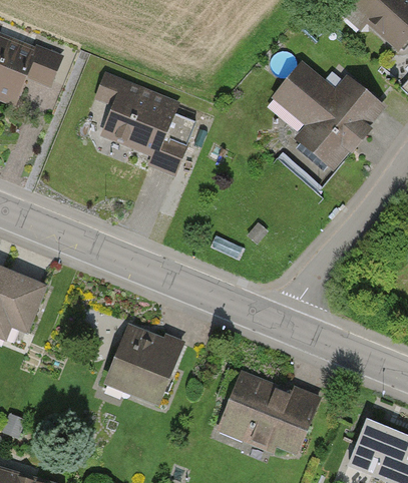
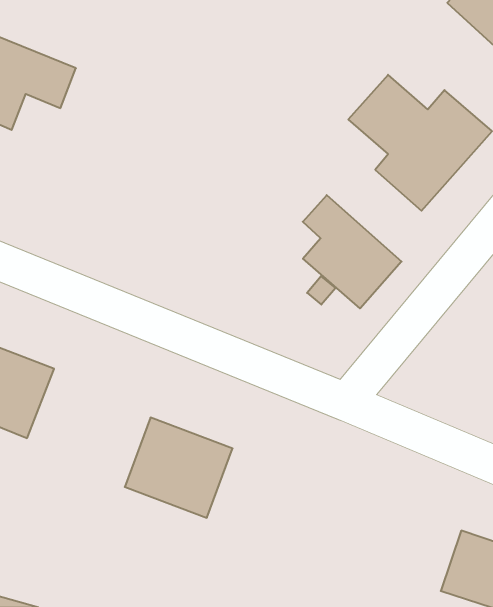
building: [90,71,185,173] -> none
building: none -> [303,195,402,308]
building: [216,375,318,461] -> none

